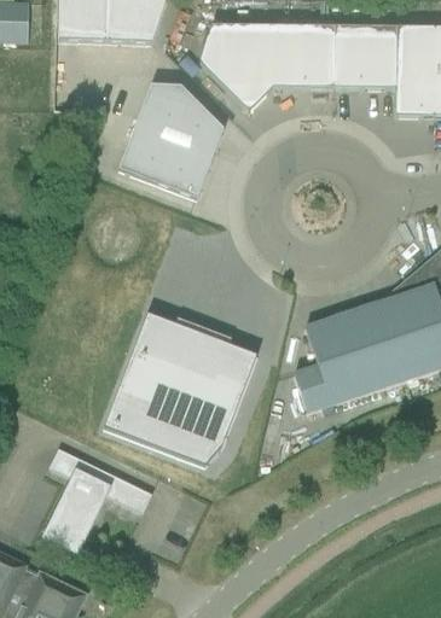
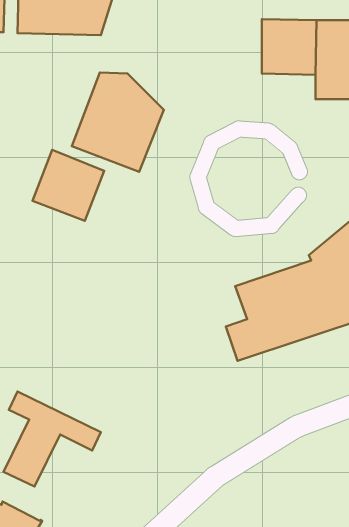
building: [199,24,335,111] -> none
building: none -> [33,150,104,221]
building: [103,313,257,466] -> none

